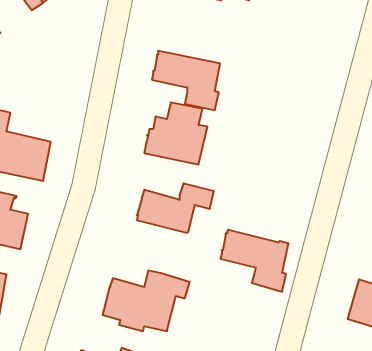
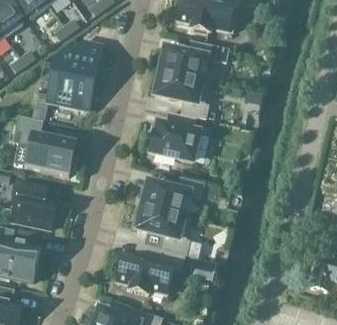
building: none -> [159,41,228,81]
building: none -> [48,42,98,106]
building: [220,230,289,292] -> [136,205,190,254]

